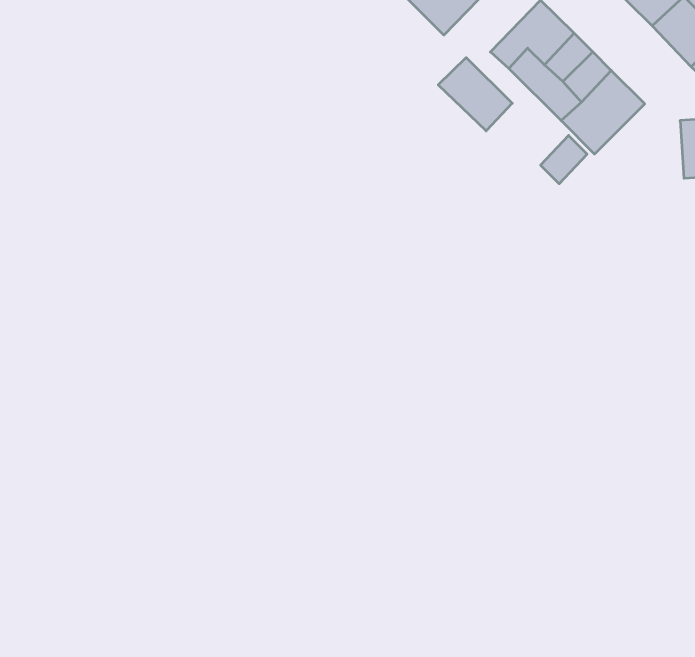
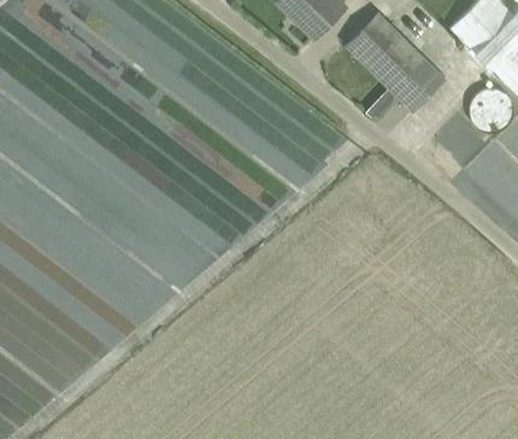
building: [438,58,512,131] -> none

